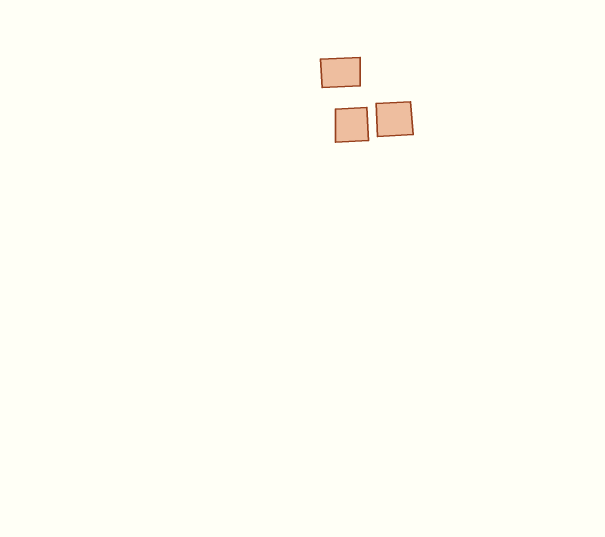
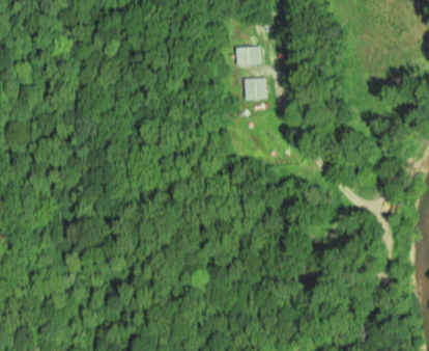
building: [376,102,413,136] -> none

